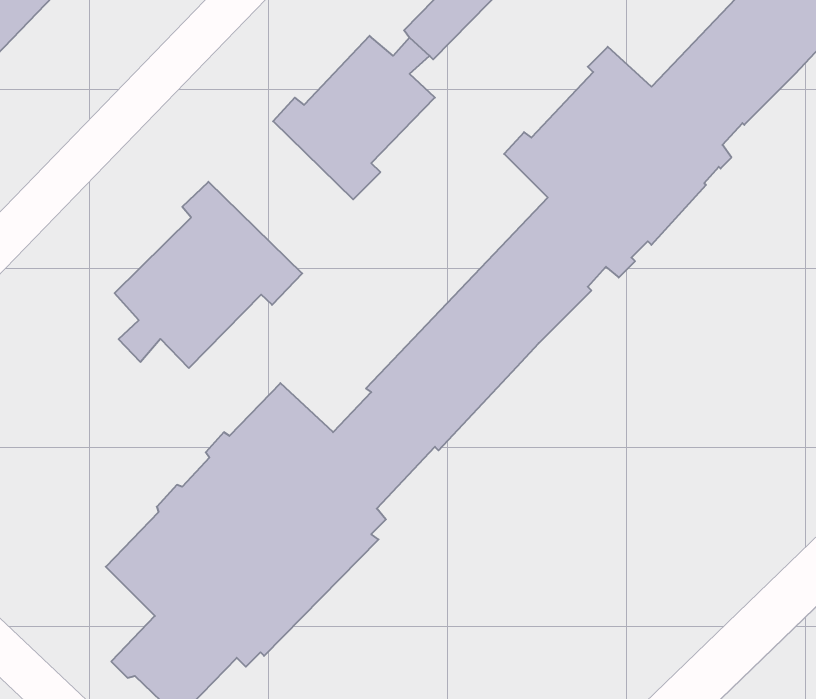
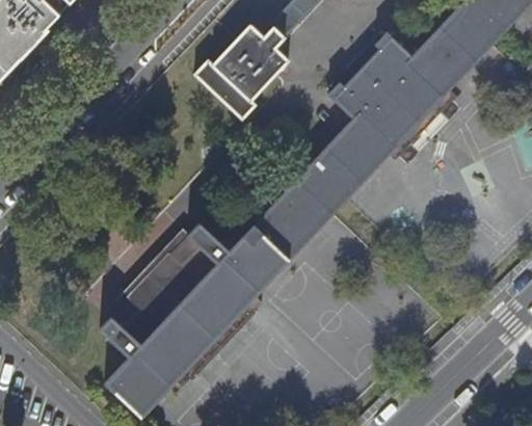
building: [115,182,302,368] -> none

